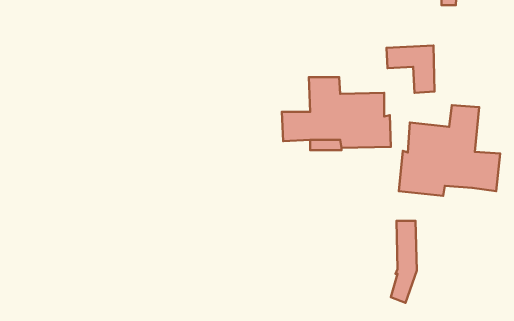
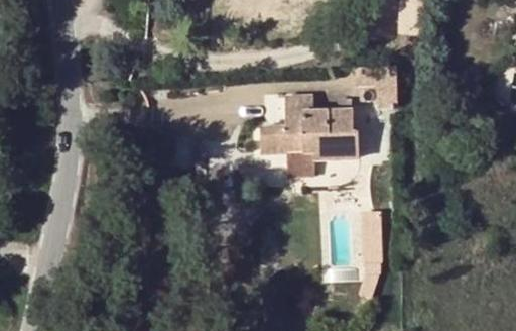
building: [399,105,500,196] -> none

